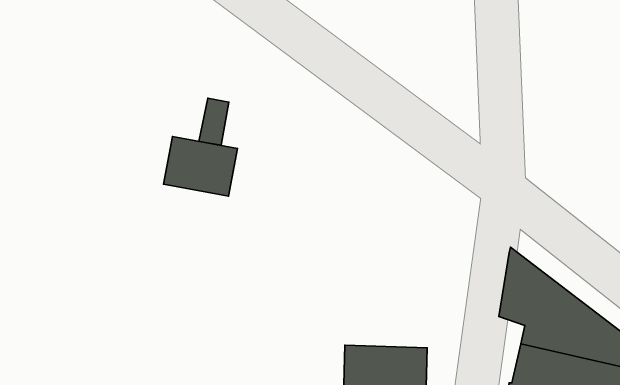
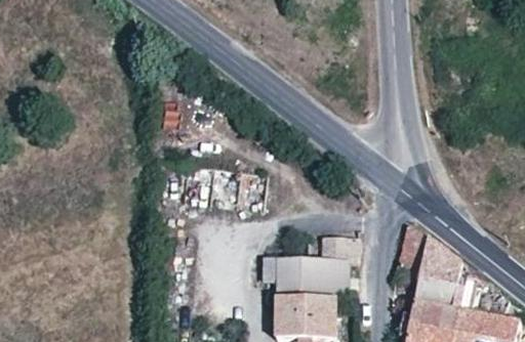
building: [164,137,237,196] -> none
building: none -> [275,234,357,299]

